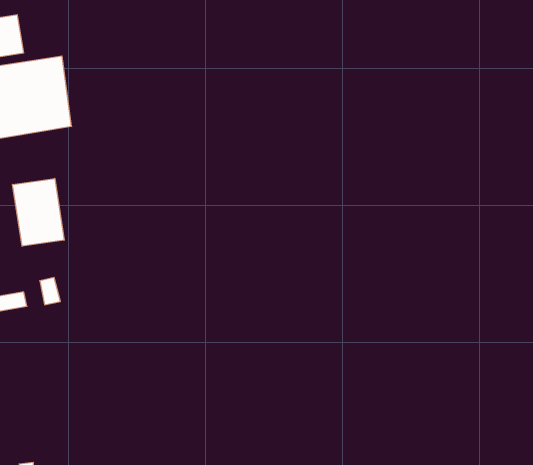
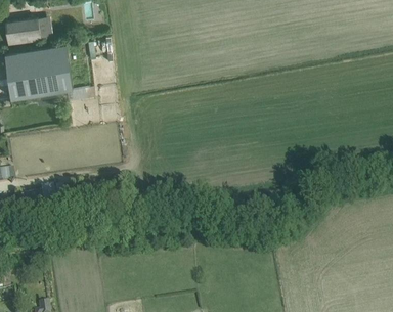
building: [13,178,64,246] -> none

